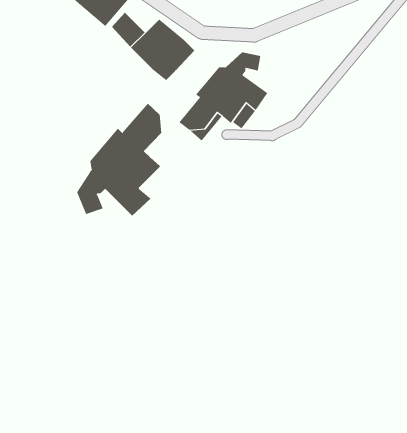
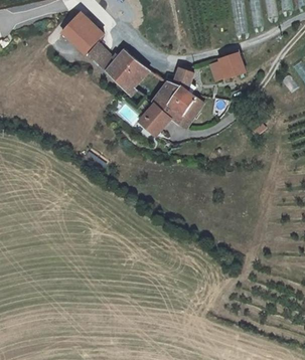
building: none -> [218,51,245,77]
building: [76,103,162,217] -> none

